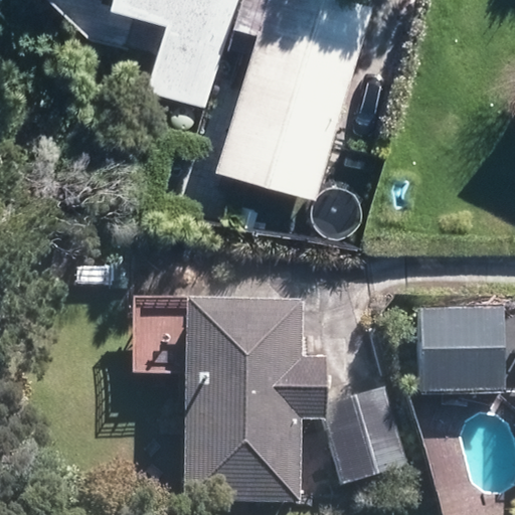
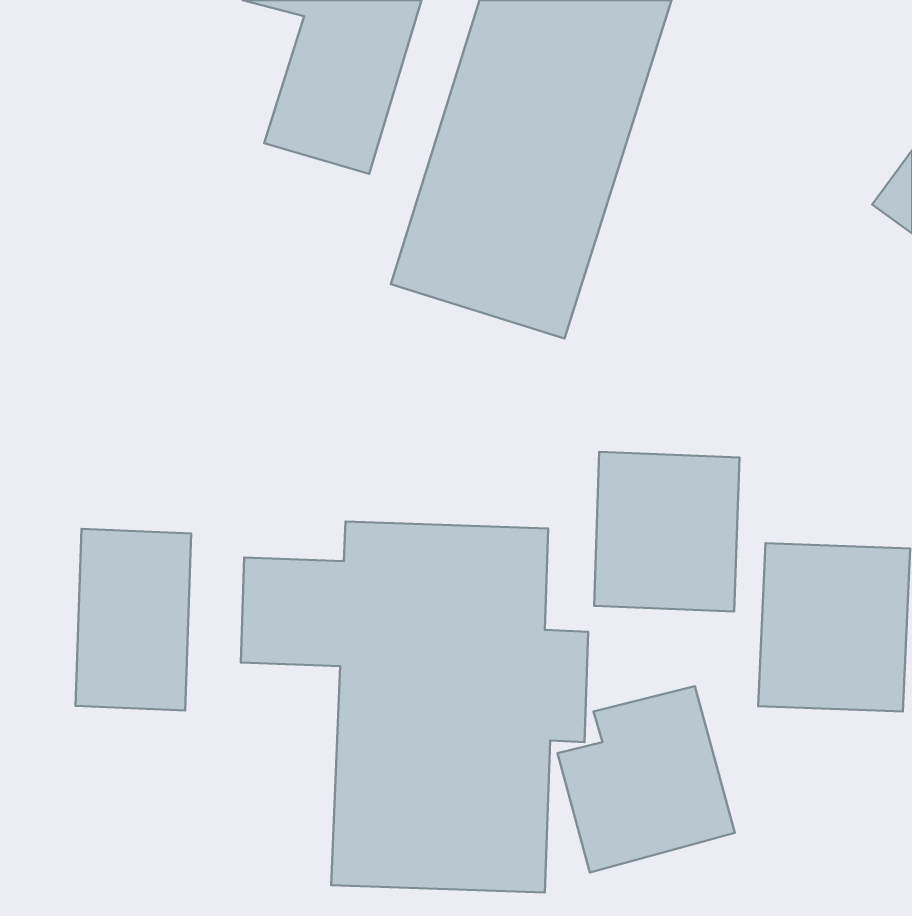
building: none -> [594,452,739,612]
building: none -> [76,529,191,711]

